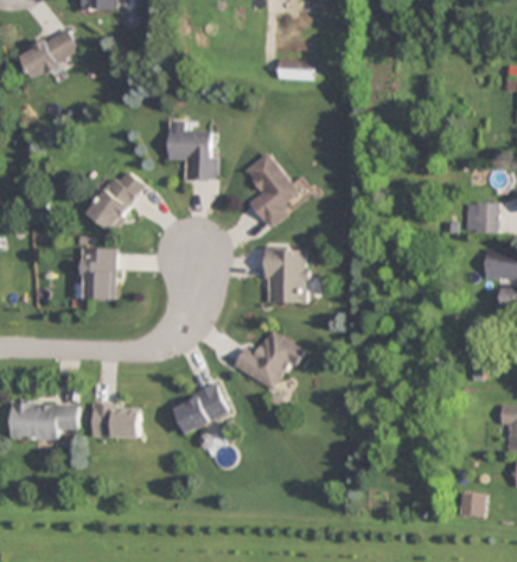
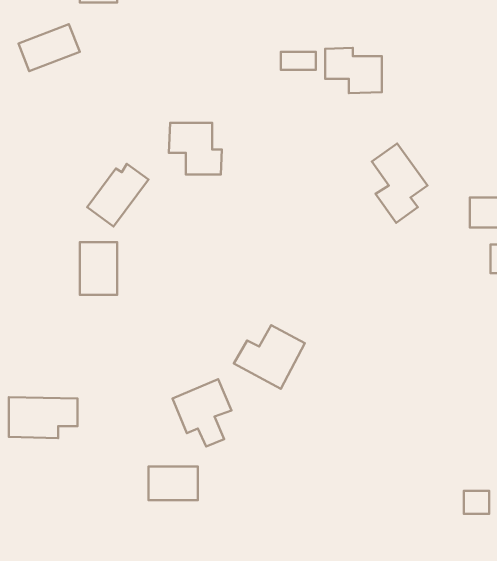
building: none -> [325,48,382,93]
building: [244,151,299,229] -> [372,143,427,223]
building: [264,244,307,301] -> none
building: [90,403,139,436] -> [148,466,198,500]

